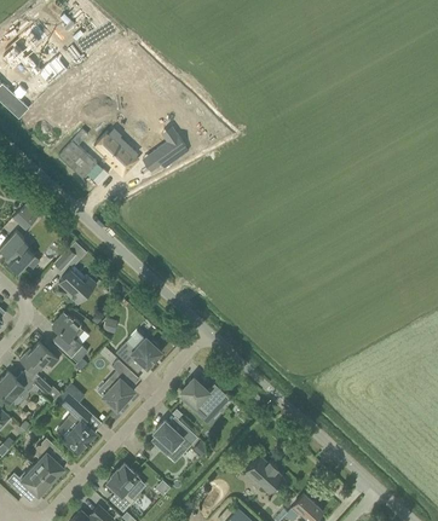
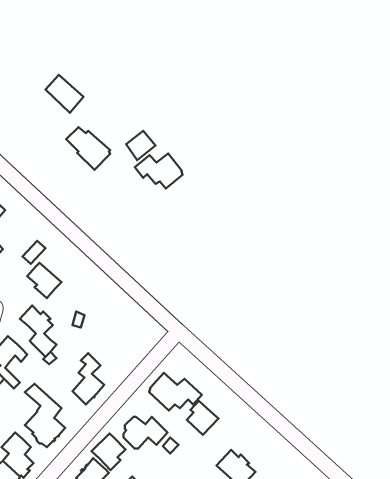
building: [58,141,96,179] -> [46,75,83,113]
building: none -> [135,153,182,188]
building: [115,330,162,369] -> none
building: none -> [187,401,218,435]
building: none -> [91,433,126,470]

